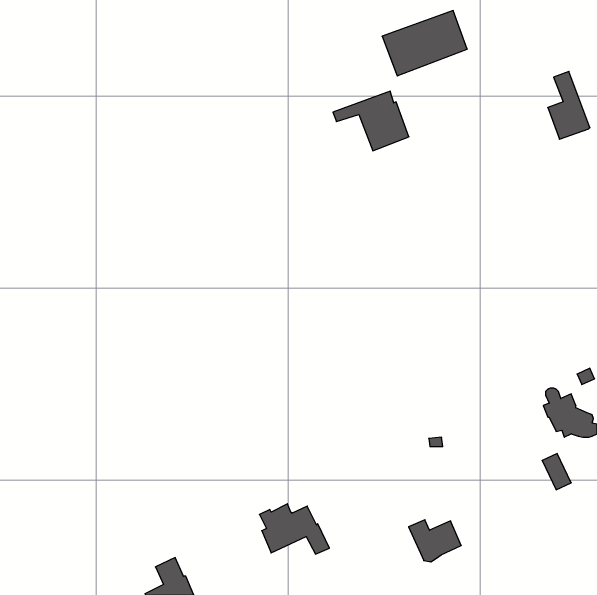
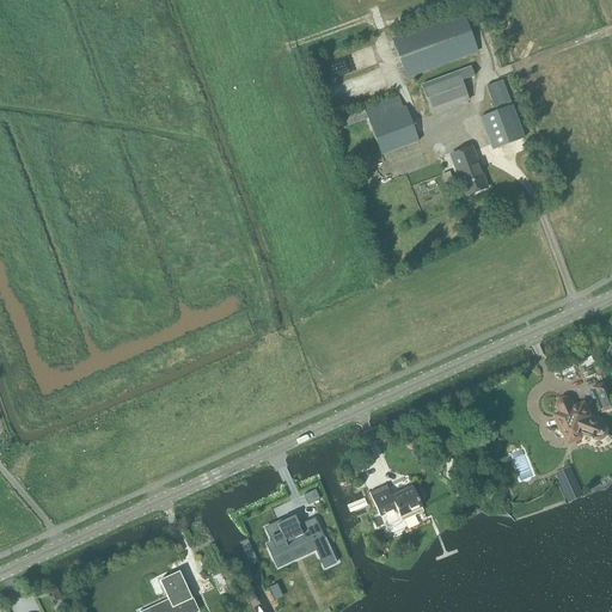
building: none -> [421,66,473,112]
building: [548,71,590,139] -> [481,79,524,148]
building: none -> [451,146,486,195]
building: [409,520,461,562] -> [369,484,423,527]

